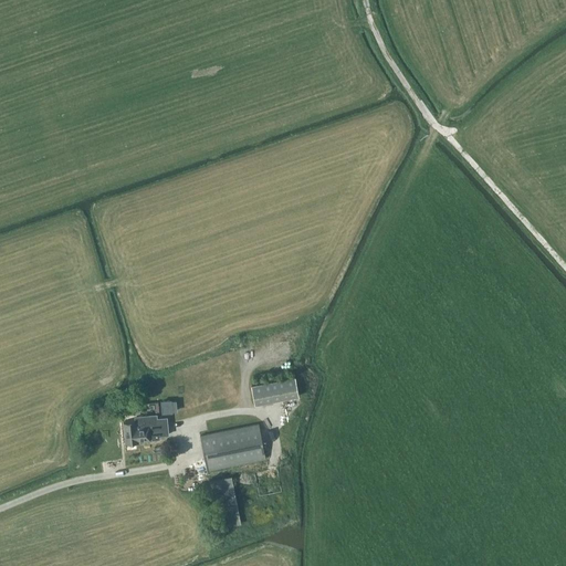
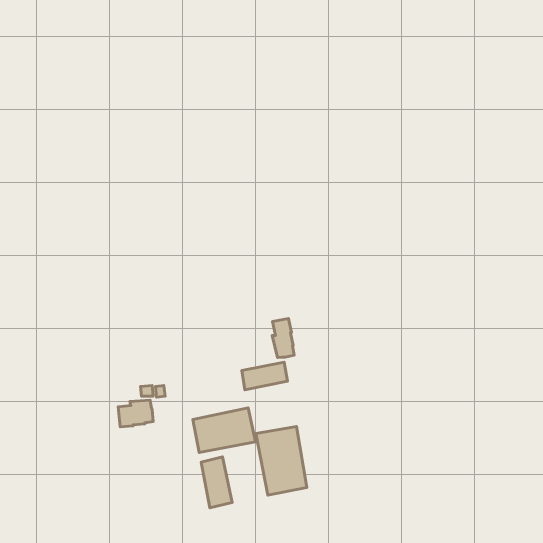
building: none -> [272,318,294,358]
building: none -> [256,427,307,495]

